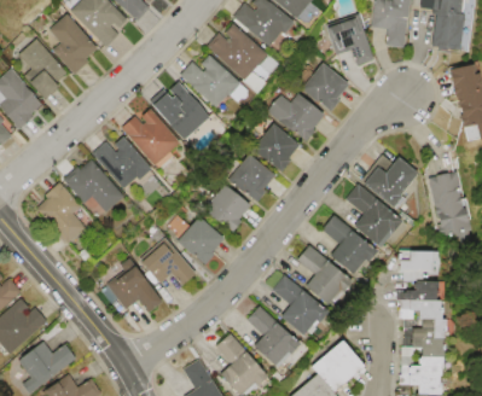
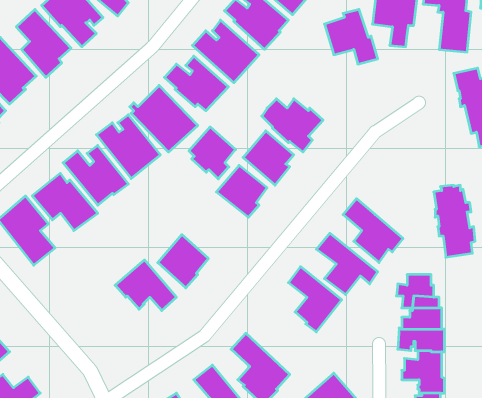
building: [307,62,352,109] -> none
building: [364,156,418,206] -> none
building: [209,185,251,232] -> [189,127,236,179]
building: [103,264,161,313] -> none
building: [272,275,323,336] -> none

